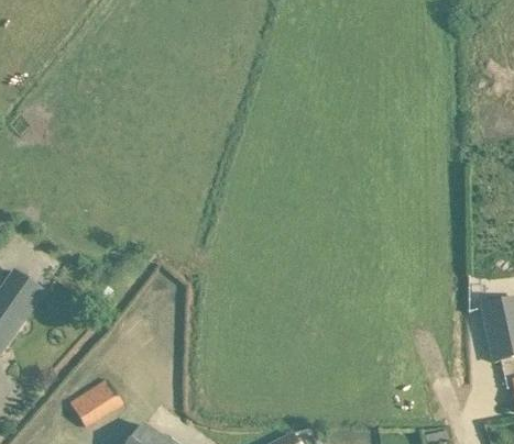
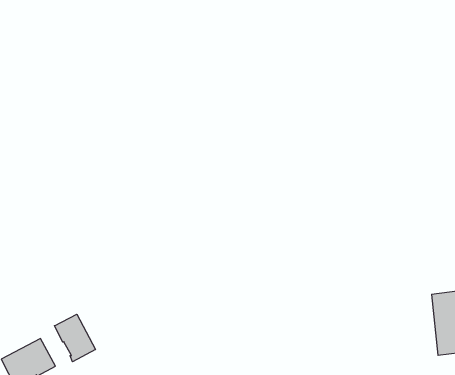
building: none -> [54,314,95,362]

